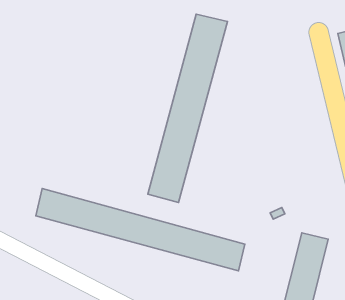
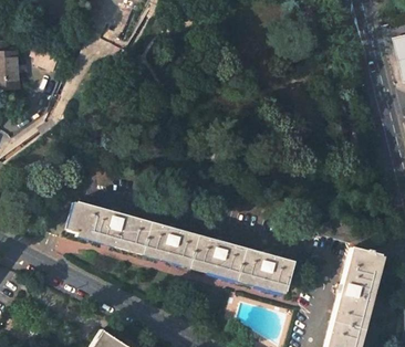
building: [148,14,228,203] -> none

